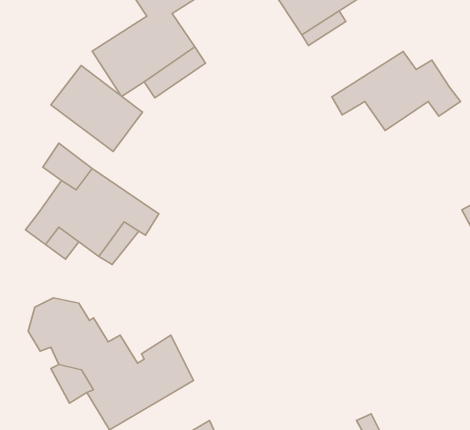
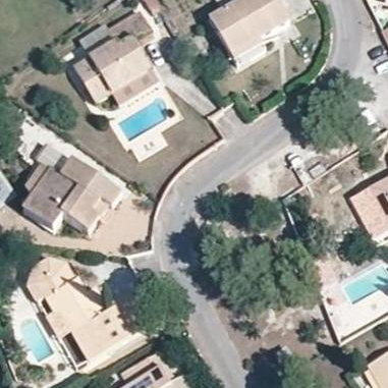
building: [332,52,460,130] -> none
building: [51,65,142,152] -> none

